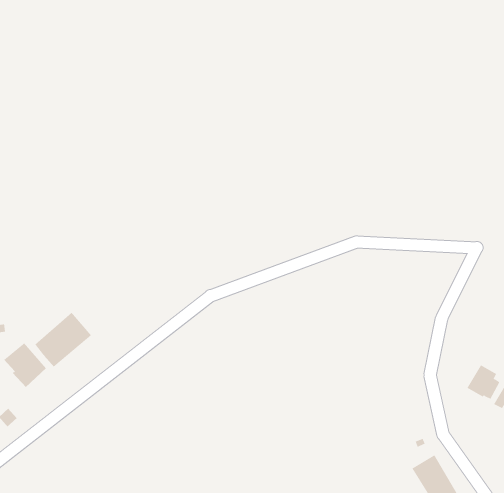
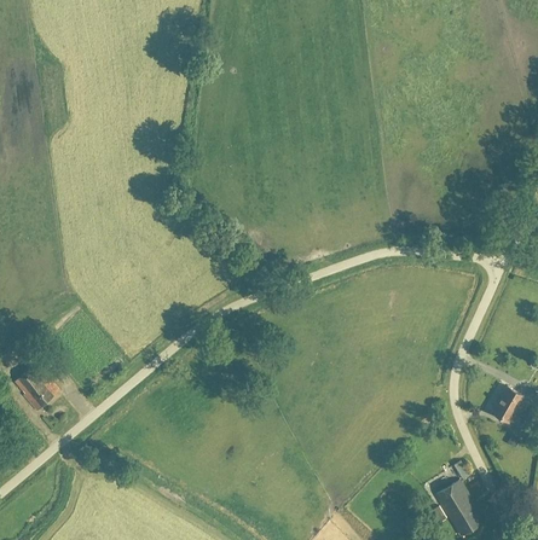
building: [35,312,92,368] -> none

